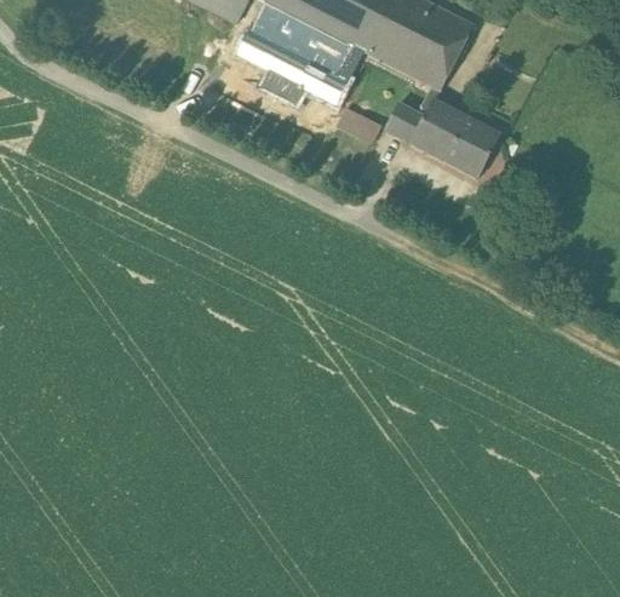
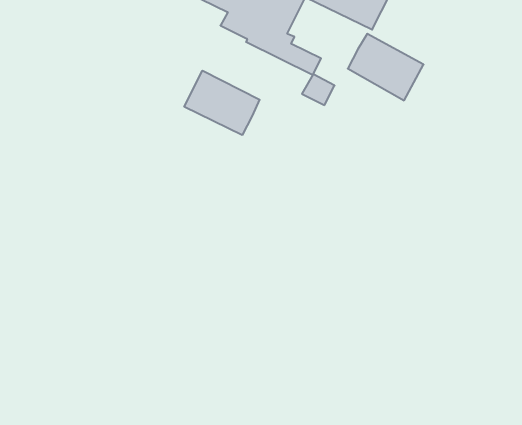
building: [384,101,423,137] -> [302,74,335,105]
building: none -> [184,71,260,135]

